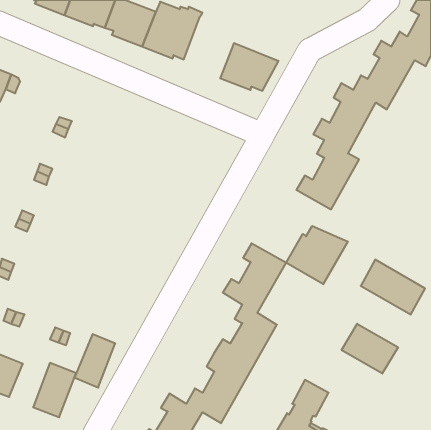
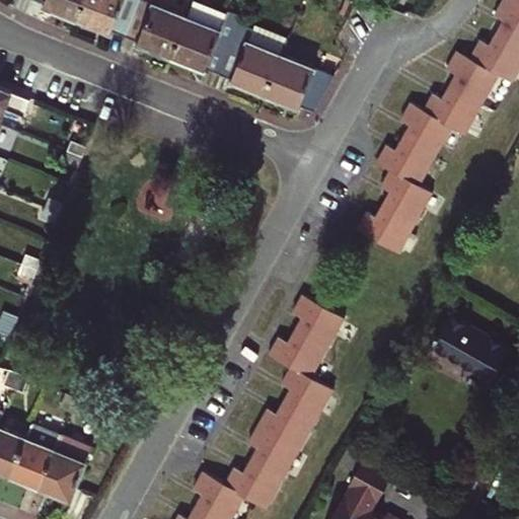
building: none -> [220,24,285,97]
building: [286,226,348,284] -> none
building: [342,324,398,374] -> none
building: [75,334,115,388] -> [11,427,60,491]

